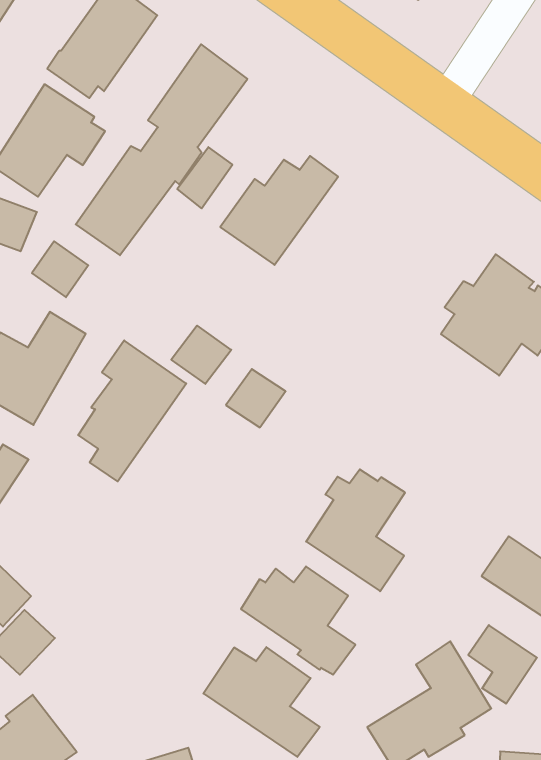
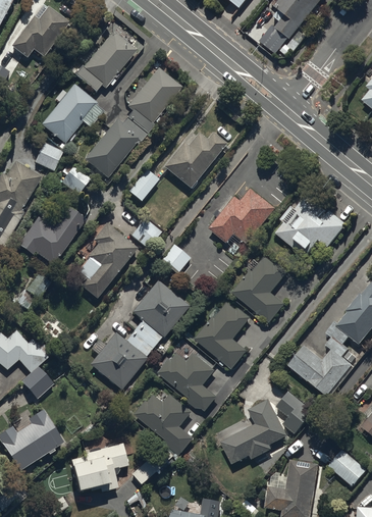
building: [177,147,232,208] -> [127,169,158,202]
building: none -> [209,188,276,248]
building: none -> [231,255,288,322]
building: none -> [89,279,190,391]

